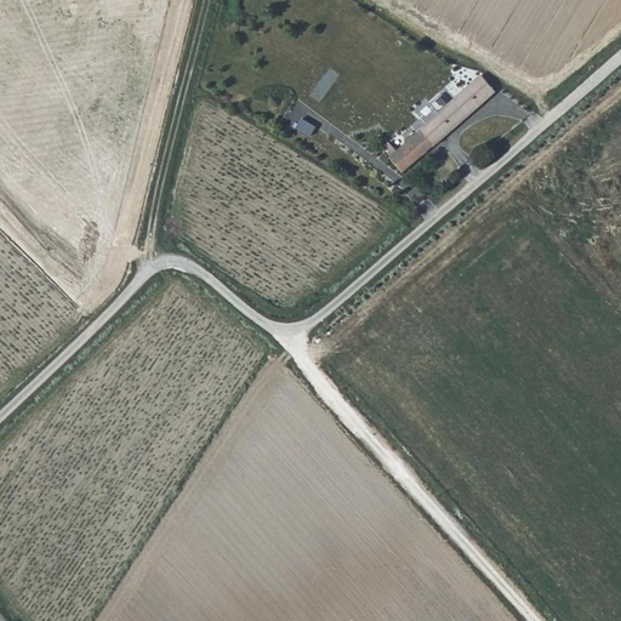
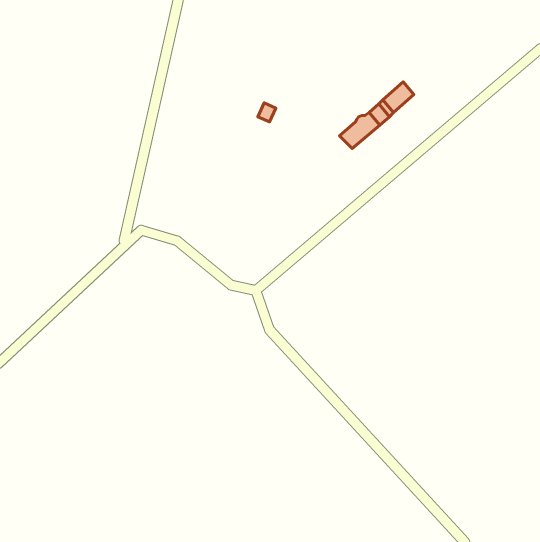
building: [461,75,494,108] -> none

